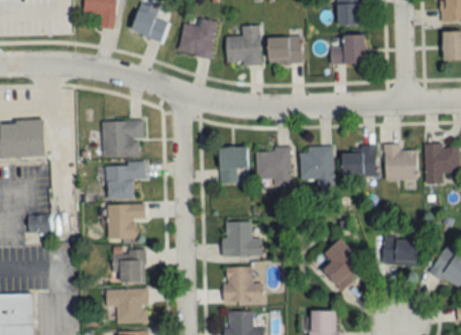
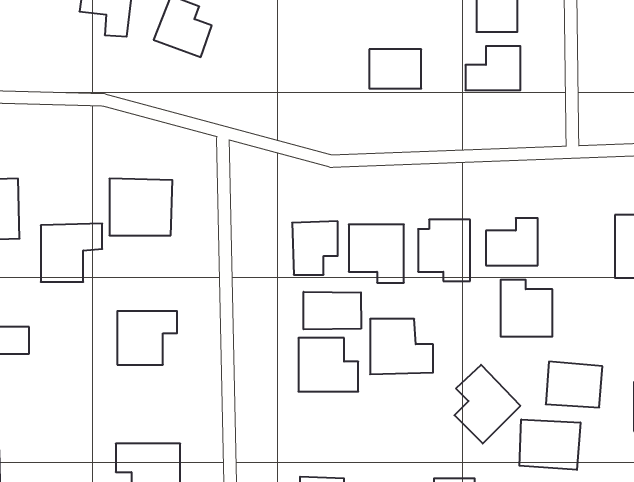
building: [178,18,217,59] -> none
building: [226,26,261,65] -> none
building: [384,143,418,180] -> [501,280,552,337]
building: [106,162,145,200] -> [41,224,102,282]
building: none -> [304,292,361,329]
building: [112,250,145,283] -> none
building: [223,267,263,303] -> [370,319,433,374]
building: none -> [519,419,580,470]

